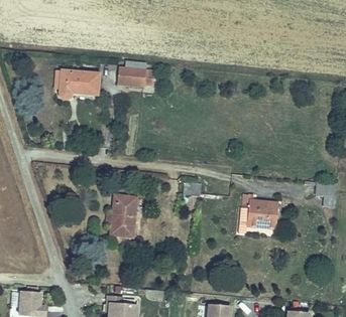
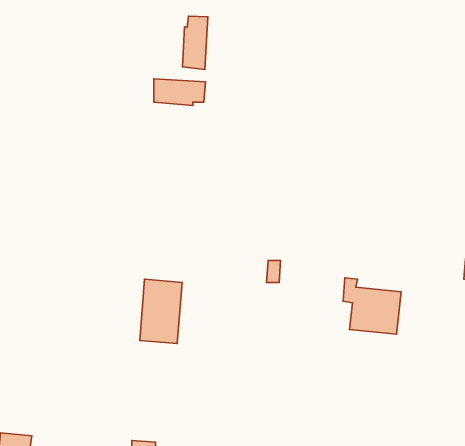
building: none -> [183,16,208,70]
building: [61,69,99,98] -> none

